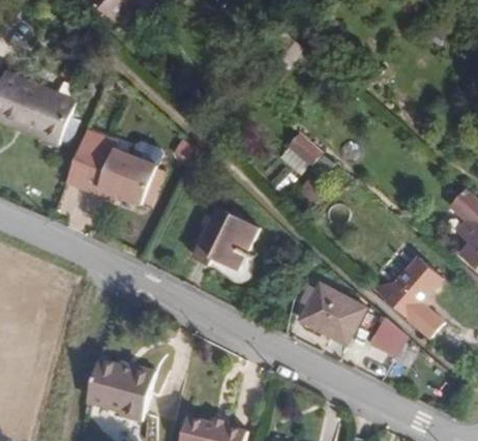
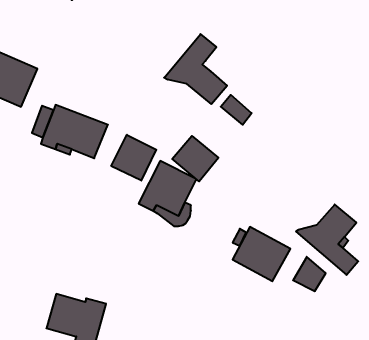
building: none -> [164,34,227,104]
building: none -> [111,135,156,181]
building: none -> [172,136,218,181]

